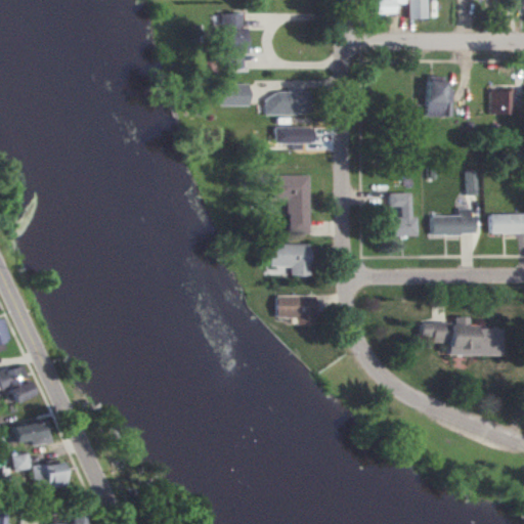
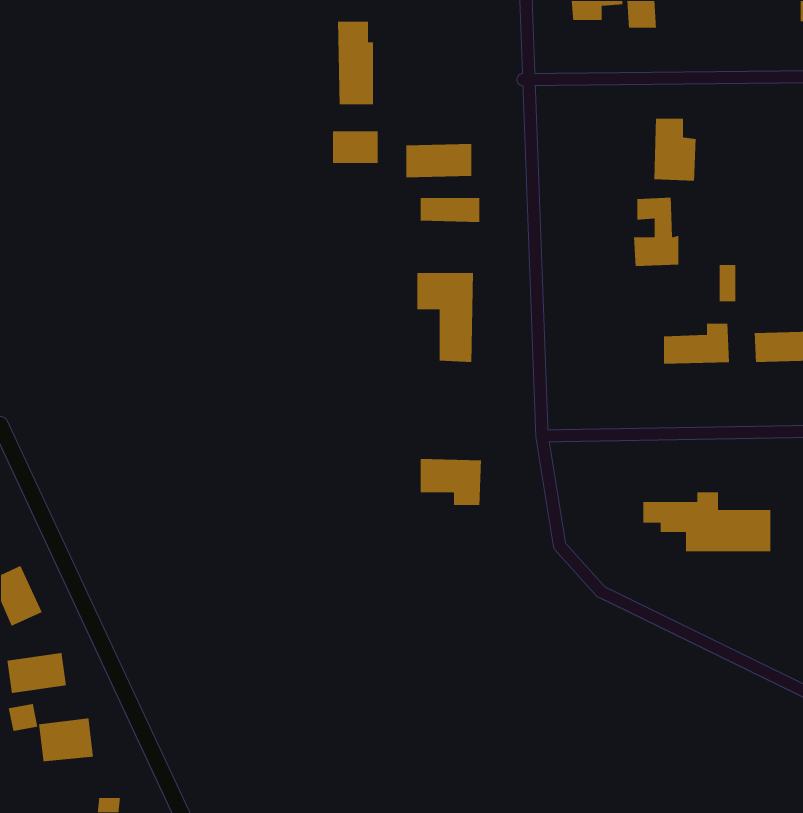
building: [492,88,515,115] -> none
building: [389,191,419,236] -> [633,197,679,267]
building: [270,244,311,276] -> none

